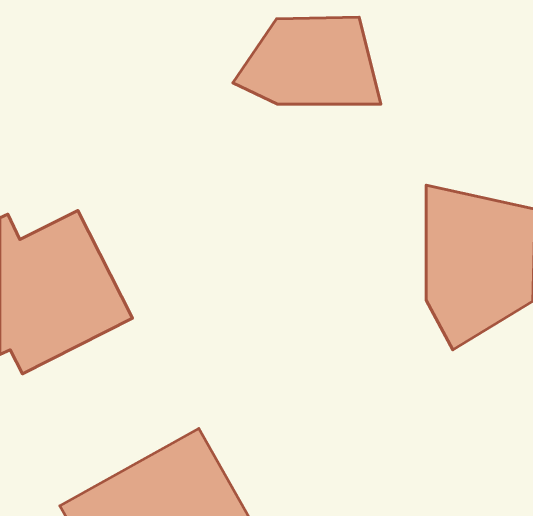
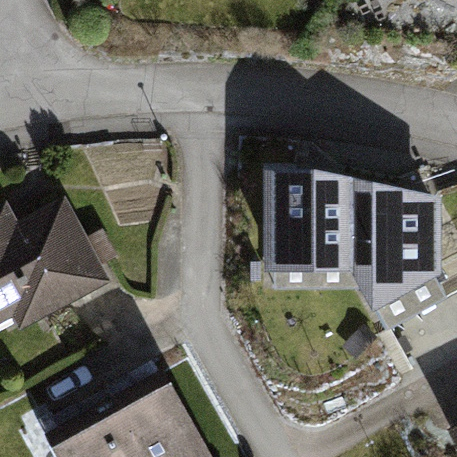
building: [233,17,381,104] -> none
building: none -> [264,169,353,273]

